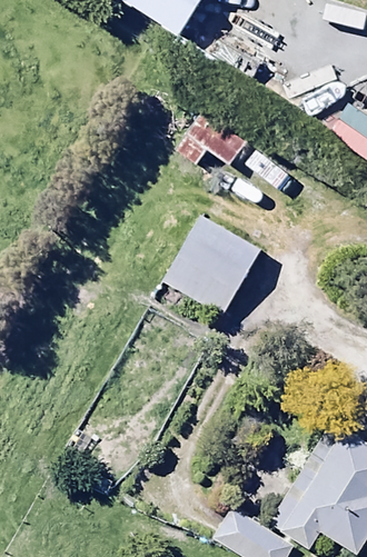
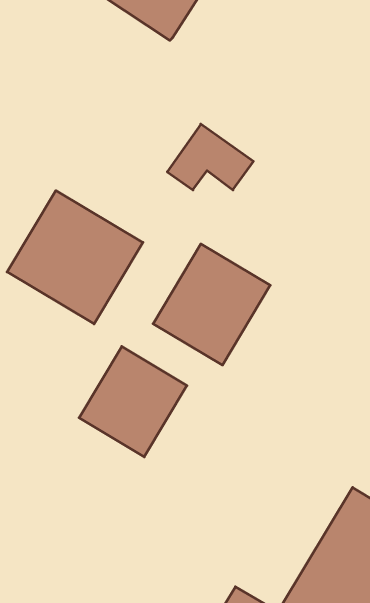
building: none -> [7,191,143,324]
building: none -> [79,346,187,457]

